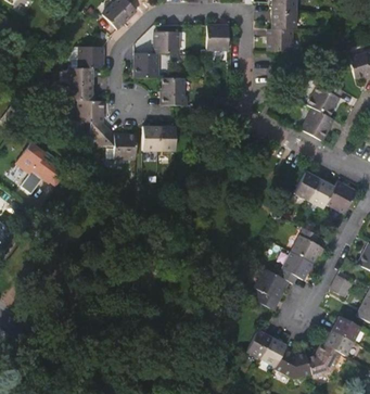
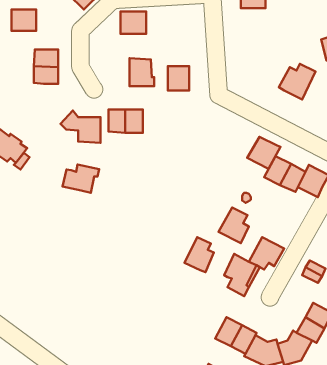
building: [206,25,227,49] -> [168,66,189,90]
building: [266,28,291,50] -> none
building: [78,48,102,68] -> [12,10,36,31]
building: [133,53,157,78] -> none
building: [77,102,106,141] -> none
building: [301,109,333,140] -> [247,137,281,169]
building: none -> [62,165,99,193]
building: [291,228,320,263] -> [219,208,249,243]
building: none -> [185,237,214,272]

